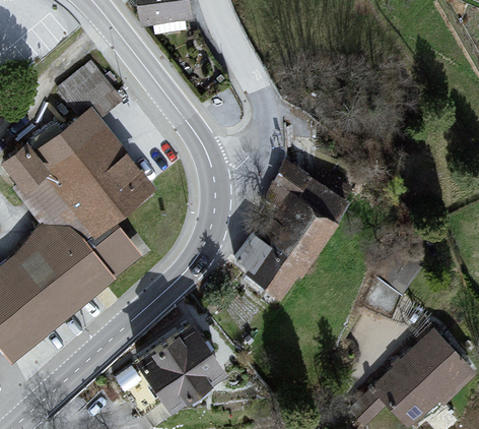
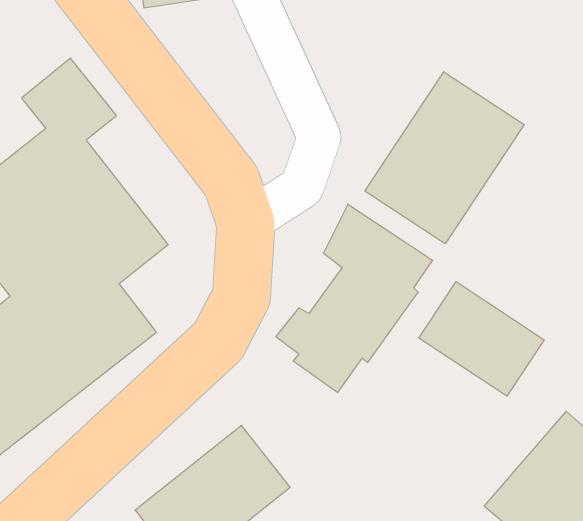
building: none -> [365,72,524,244]
building: none -> [419,282,544,396]

